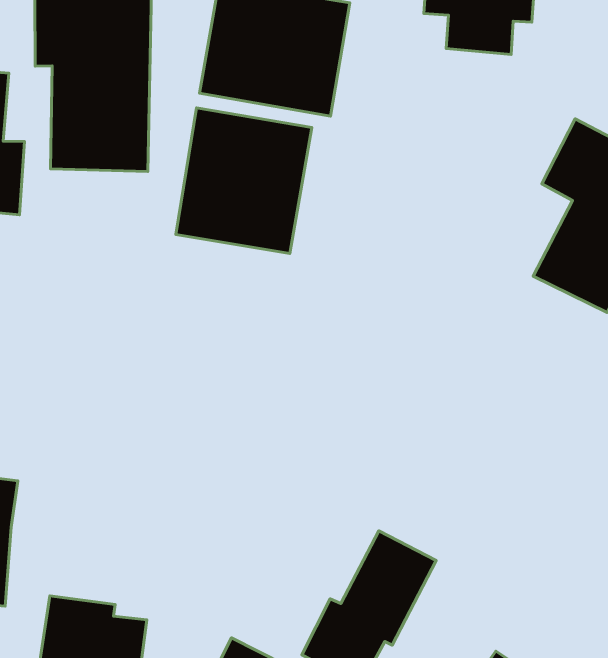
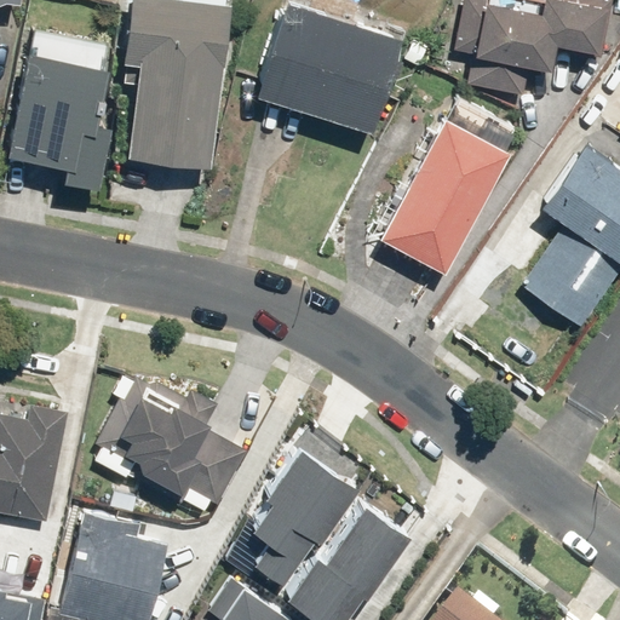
building: none -> [381,120,510,275]
building: [176,108,312,254] -> none
building: none -> [105,385,248,510]
building: none -> [262,436,366,569]

